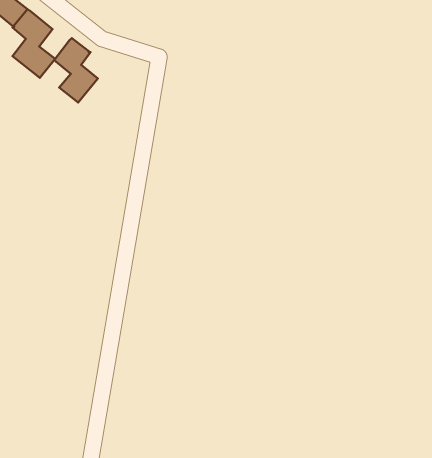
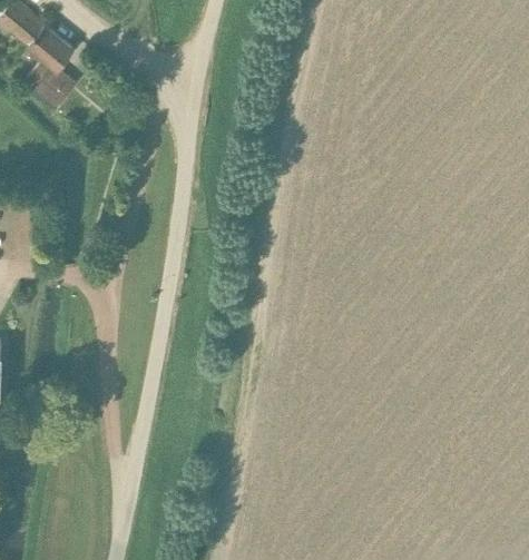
building: [54,38,98,103] -> none

